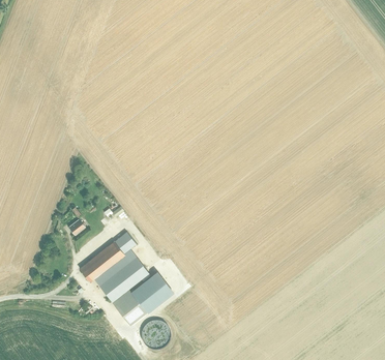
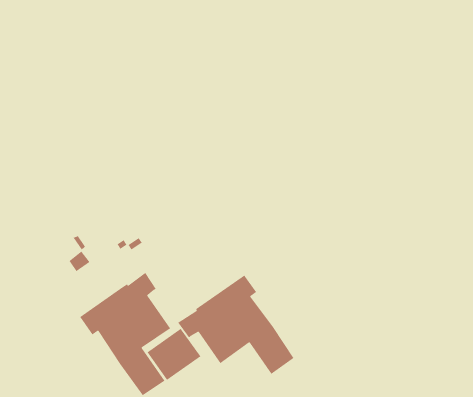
building: none -> [177,275,294,375]

